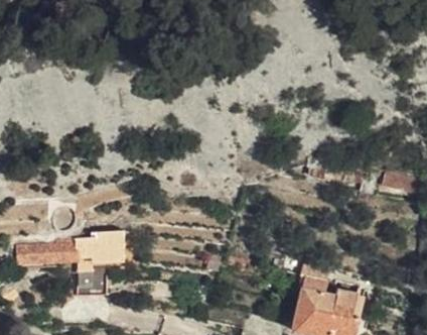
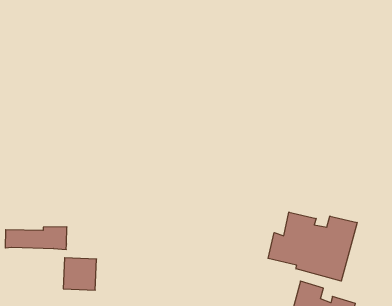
building: none -> [268,212,357,281]
building: [82,232,131,262] -> none

